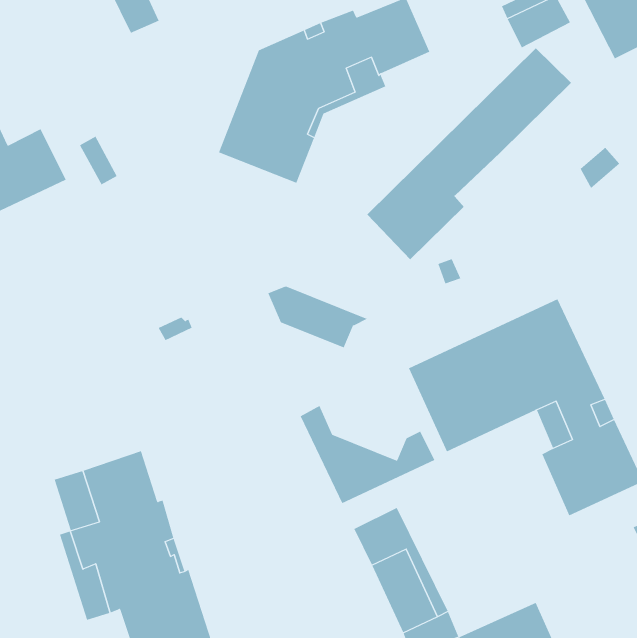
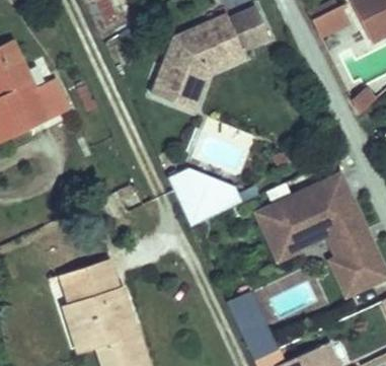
building: [367,48,572,260] -> none
building: [300,405,435,504] -> [167,171,242,226]

